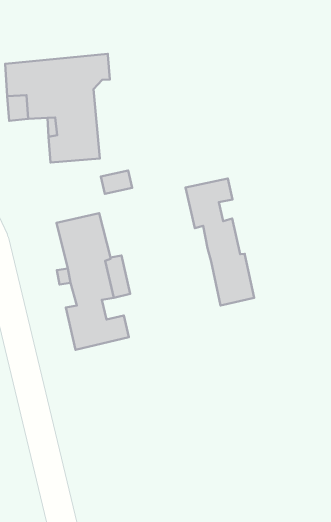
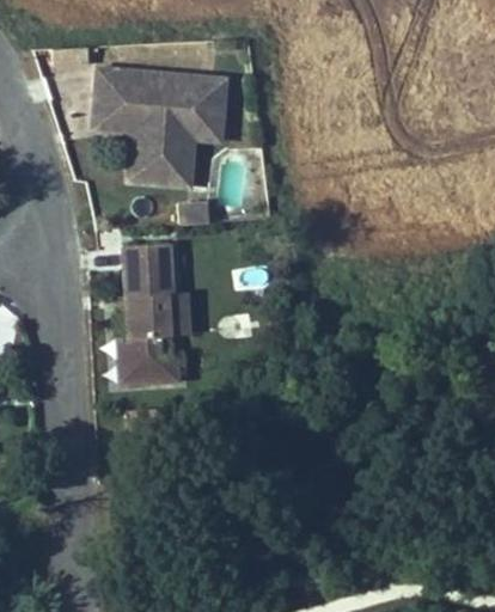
building: none -> [183,78,228,185]
building: [186,178,254,306] -> none

